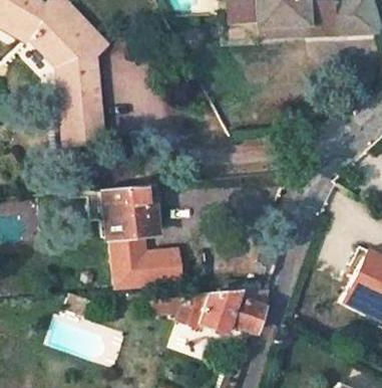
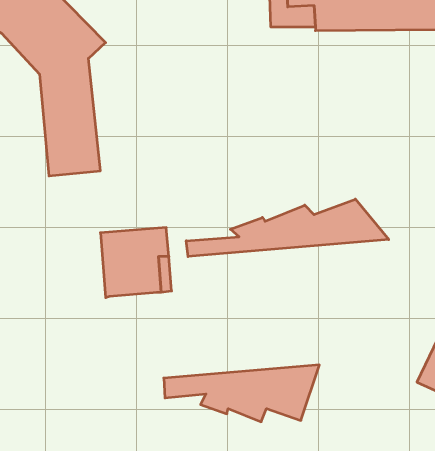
building: none -> [186,199,389,257]
building: [110,233,189,289] -> none

